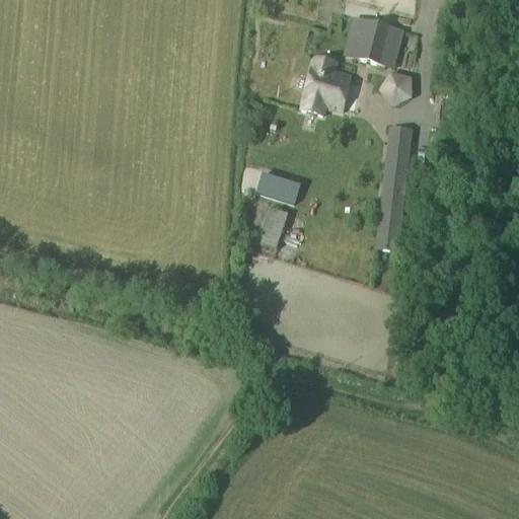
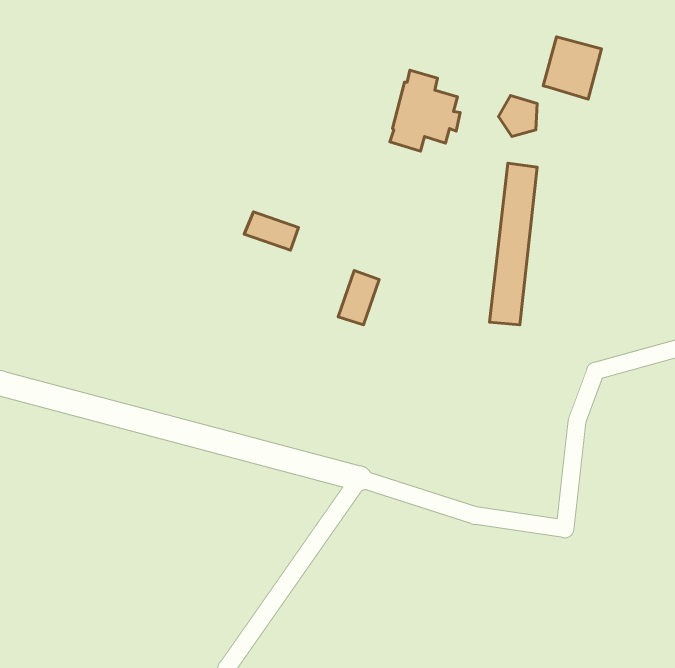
building: [352,17,396,65] -> [543,37,602,99]
building: [260,174,301,204] -> [244,212,298,250]

